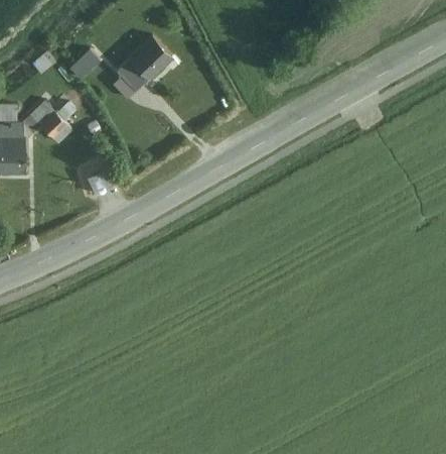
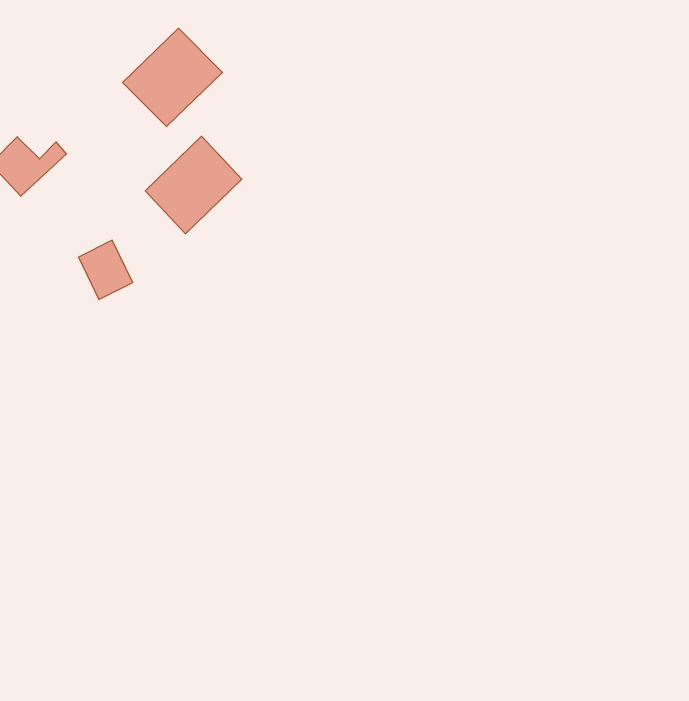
building: [64,46,99,80] -> none
building: none -> [145,136,242,234]

